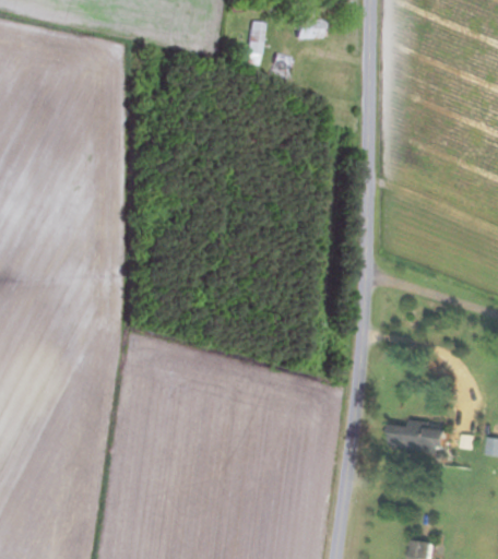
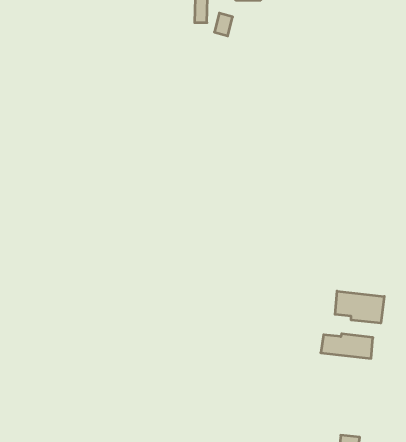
building: none -> [335,291,384,323]

